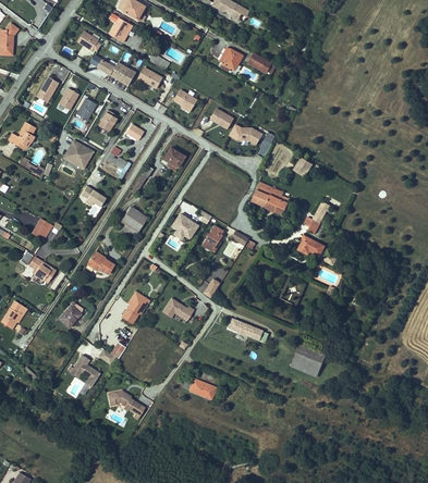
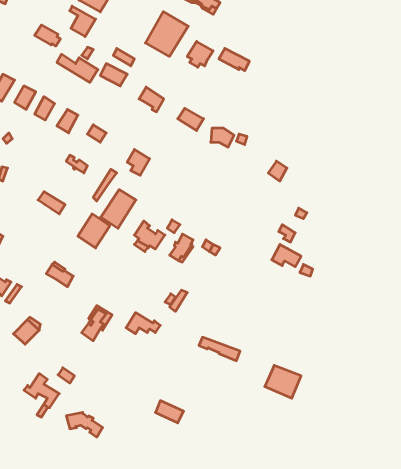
building: none -> [145,12,188,56]
building: [68,140,94,169] -> none
building: [252,182,289,213] -> none
building: none -> [101,190,136,228]

